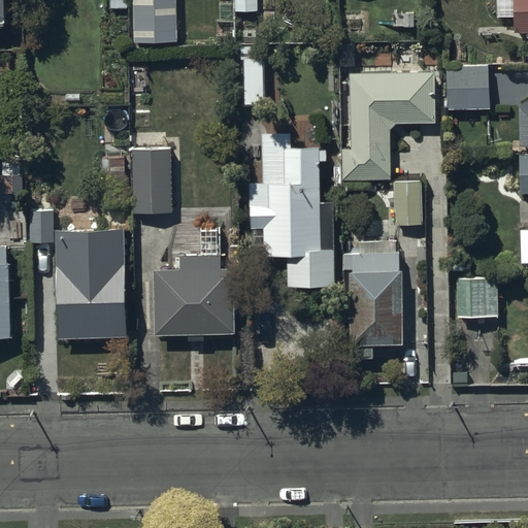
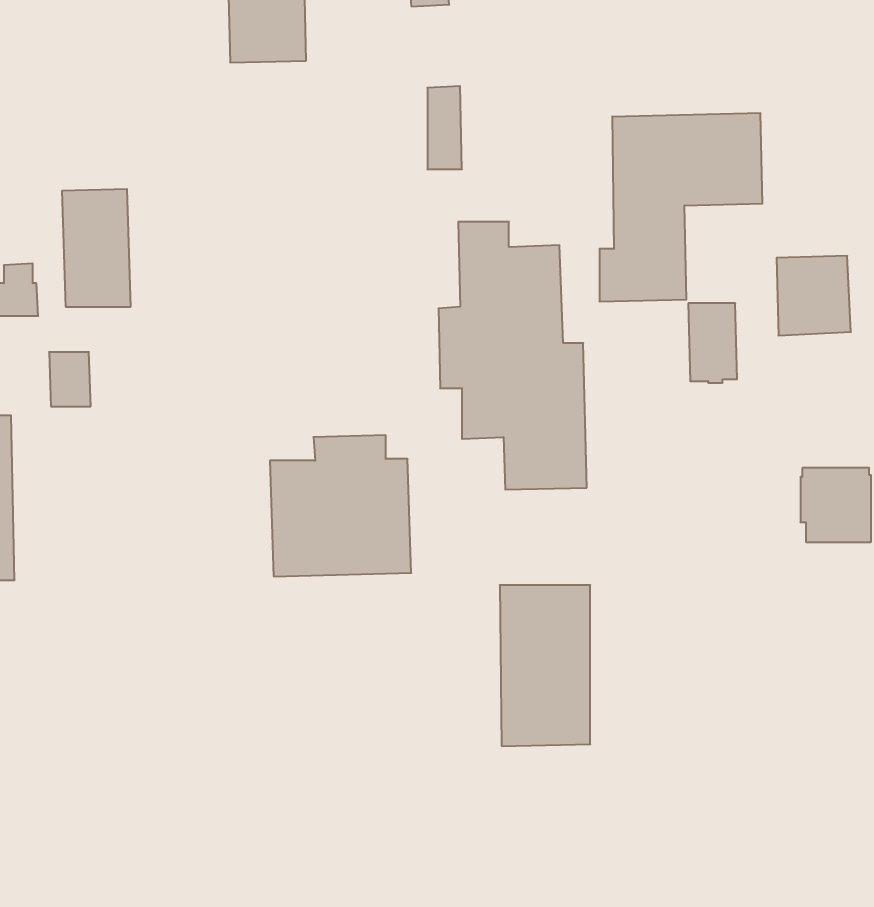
building: [447,65,489,110] -> [777,256,851,336]
building: [131,146,170,213] -> [62,189,131,307]
building: [55,228,129,339] -> none
building: [350,254,401,345] -> [500,585,590,746]

